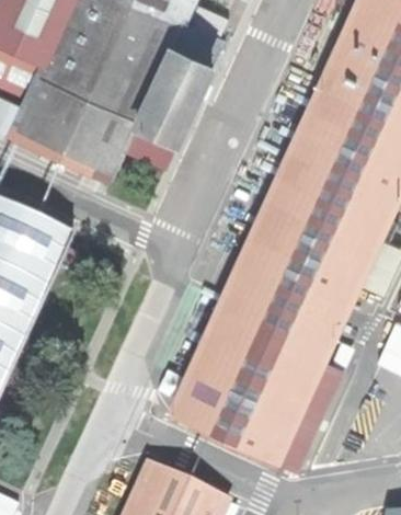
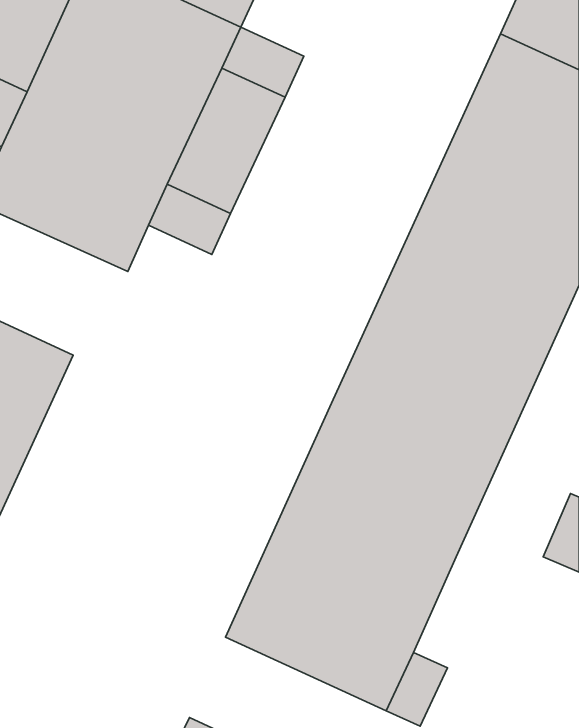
building: [293,360,342,432] -> none

